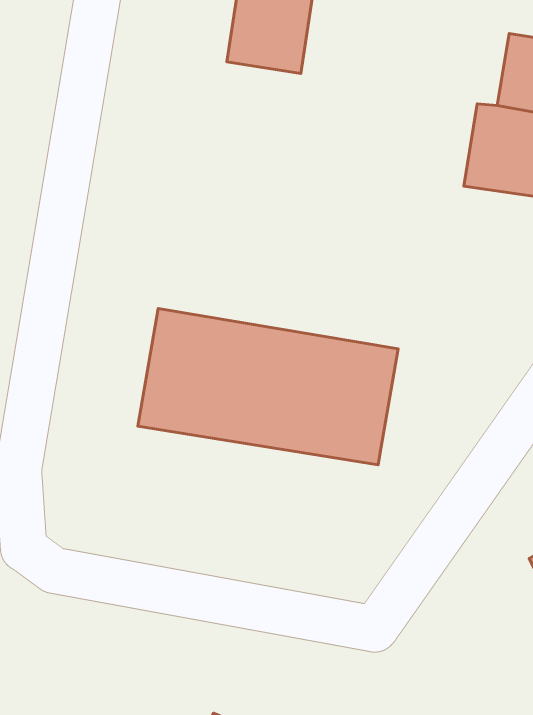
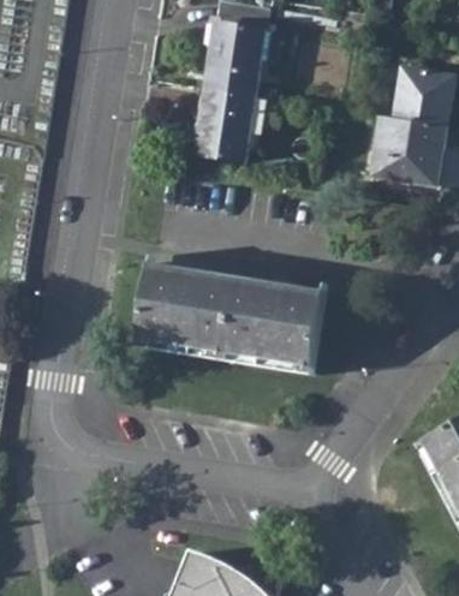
building: none -> [193,87,256,160]

